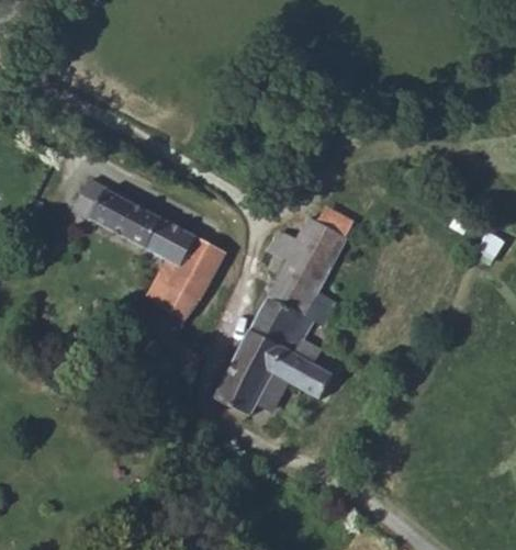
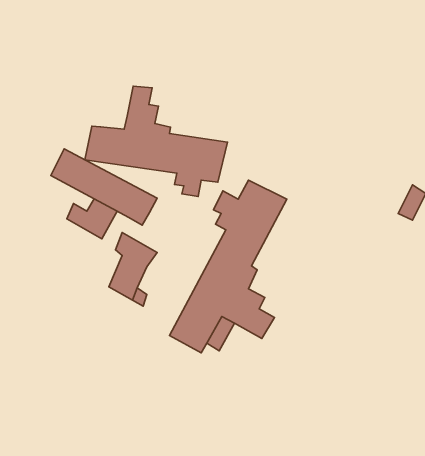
building: none -> [85,86,227,197]
building: [159,252,217,299] -> [67,199,117,239]

